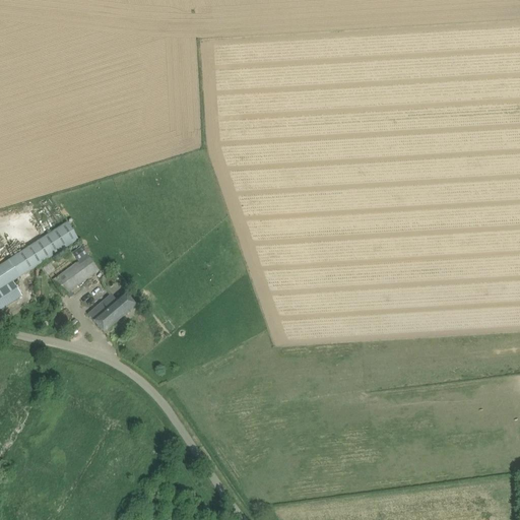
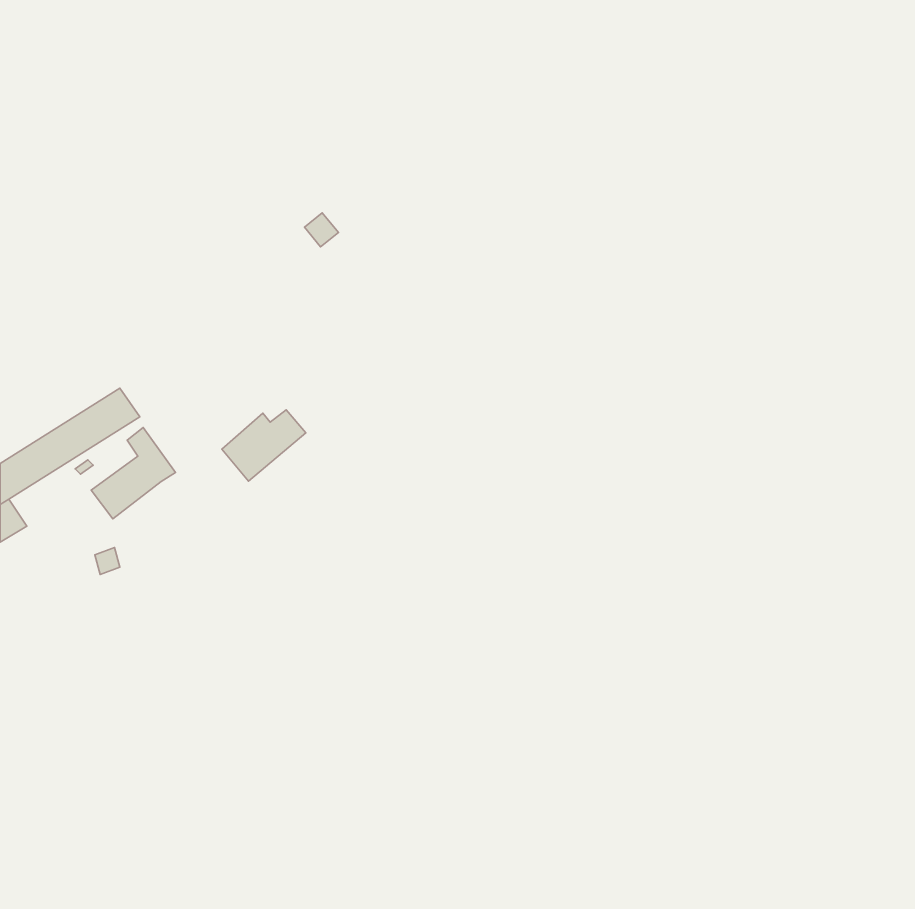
building: [88,289,136,330] -> [222,410,306,481]

